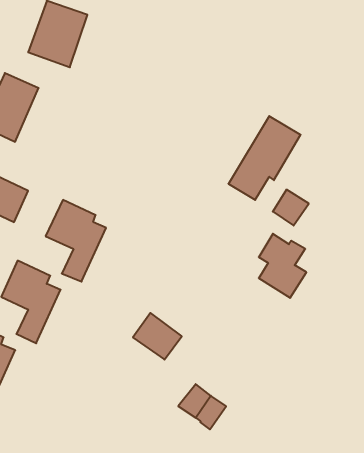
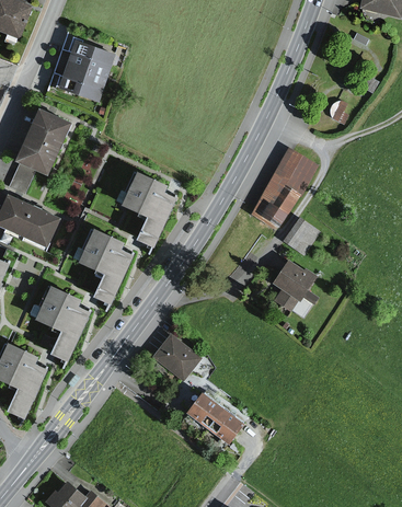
building: none -> [118,171,174,247]
building: none -> [186,390,216,422]

